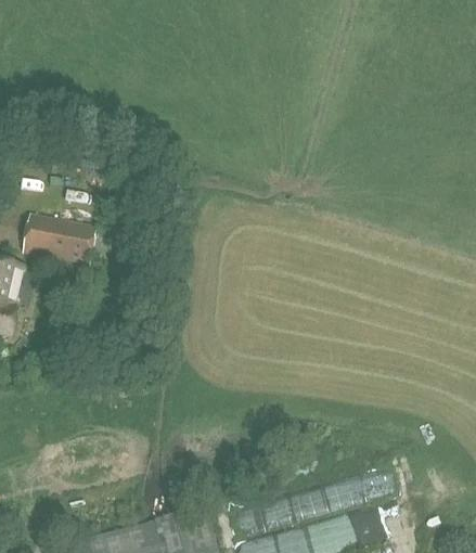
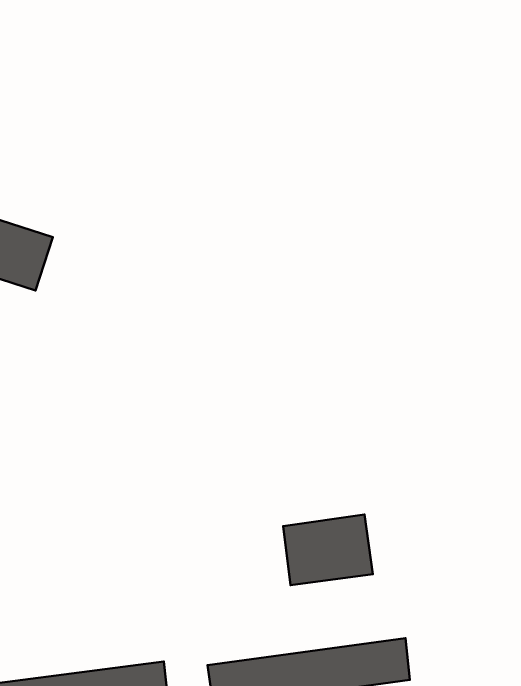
building: none -> [283,515,373,585]

